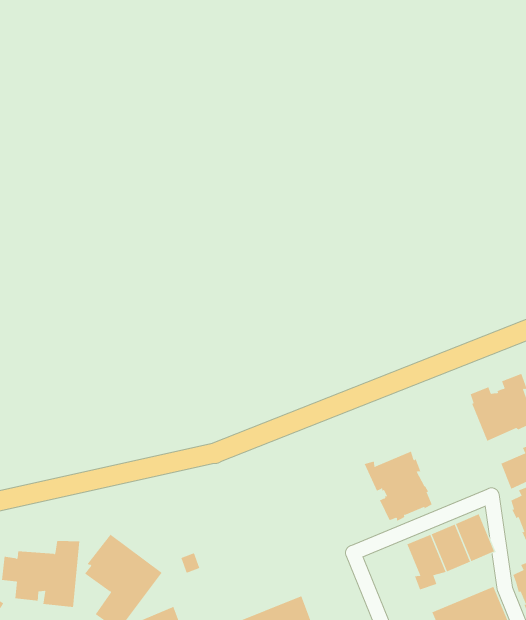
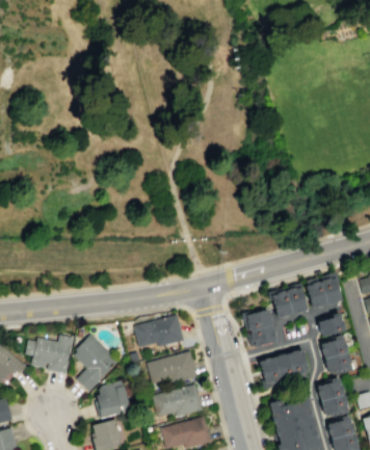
building: none -> [268,283,308,318]
building: none -> [134,314,184,347]
building: none -> [148,351,197,385]

